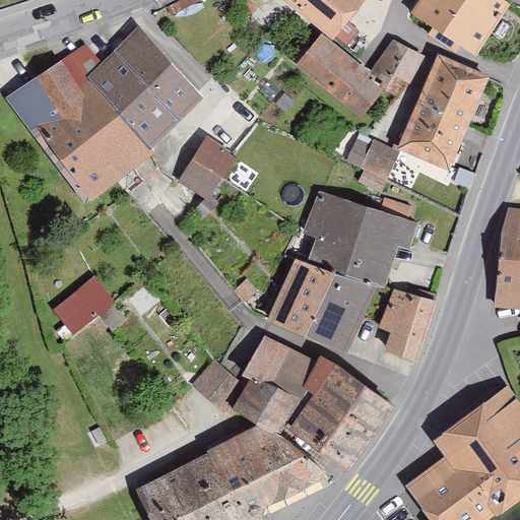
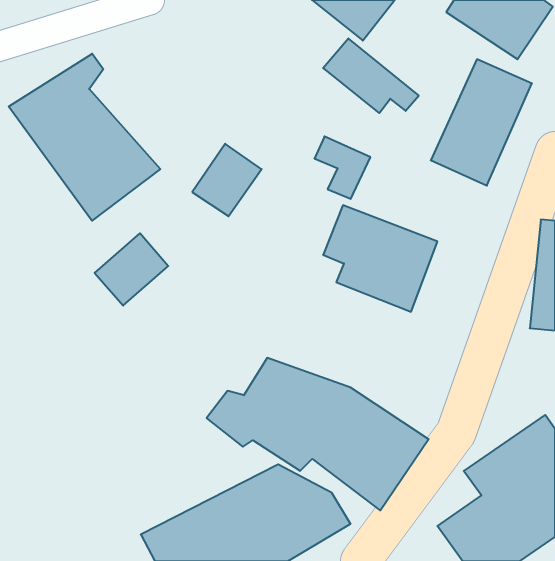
building: [85,26,203,155] -> none
building: [374,35,426,88] -> none
building: [344,136,396,194] -> [314,136,370,199]
building: [267,259,380,356] -> none
building: [51,273,119,340] -> [95,233,168,306]
building: [374,286,436,366] -> none

